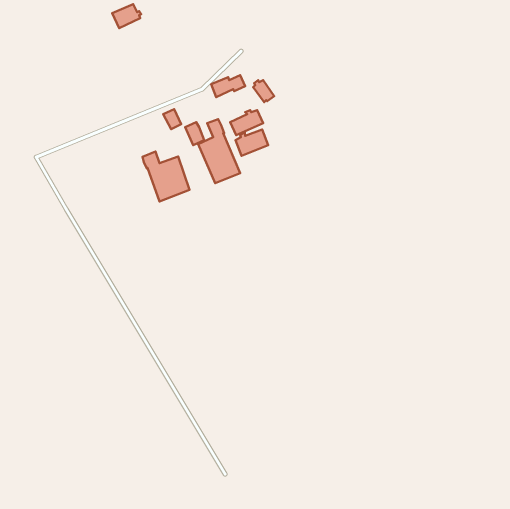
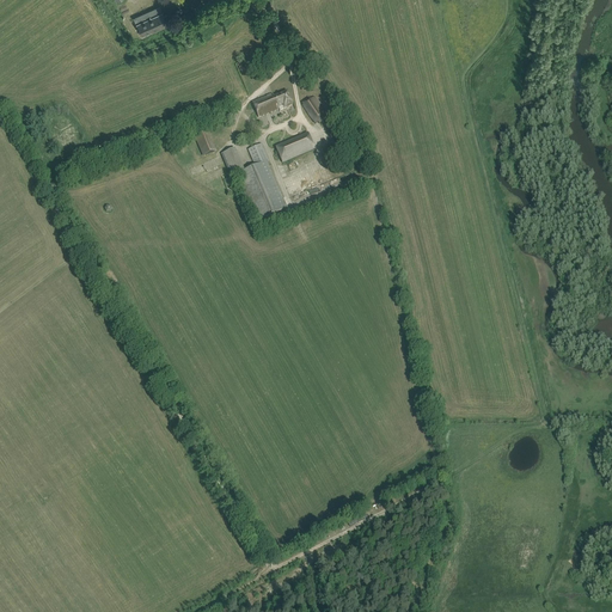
building: [236,130,268,156] -> none
building: [143,151,190,202] -> none

